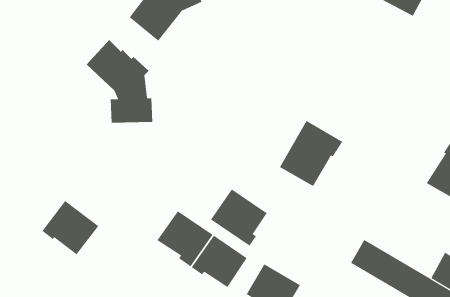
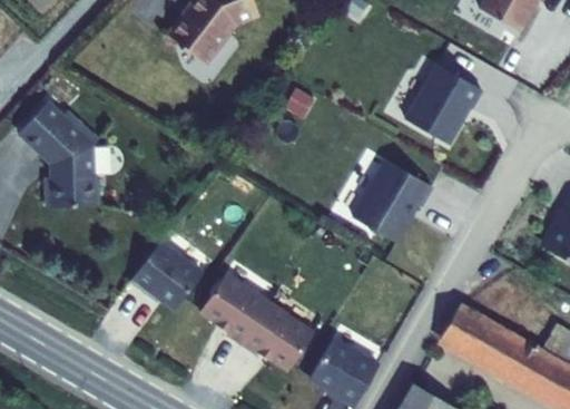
building: [86,39,153,123] -> [17,103,100,206]
building: none -> [406,64,483,144]
building: [210,188,268,246] -> none
building: [42,200,99,255] -> [135,237,206,305]

